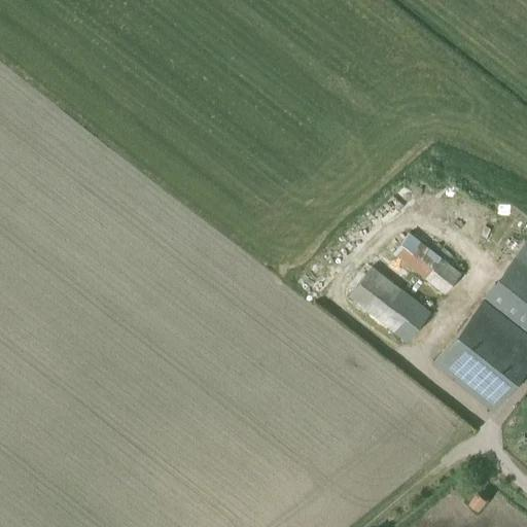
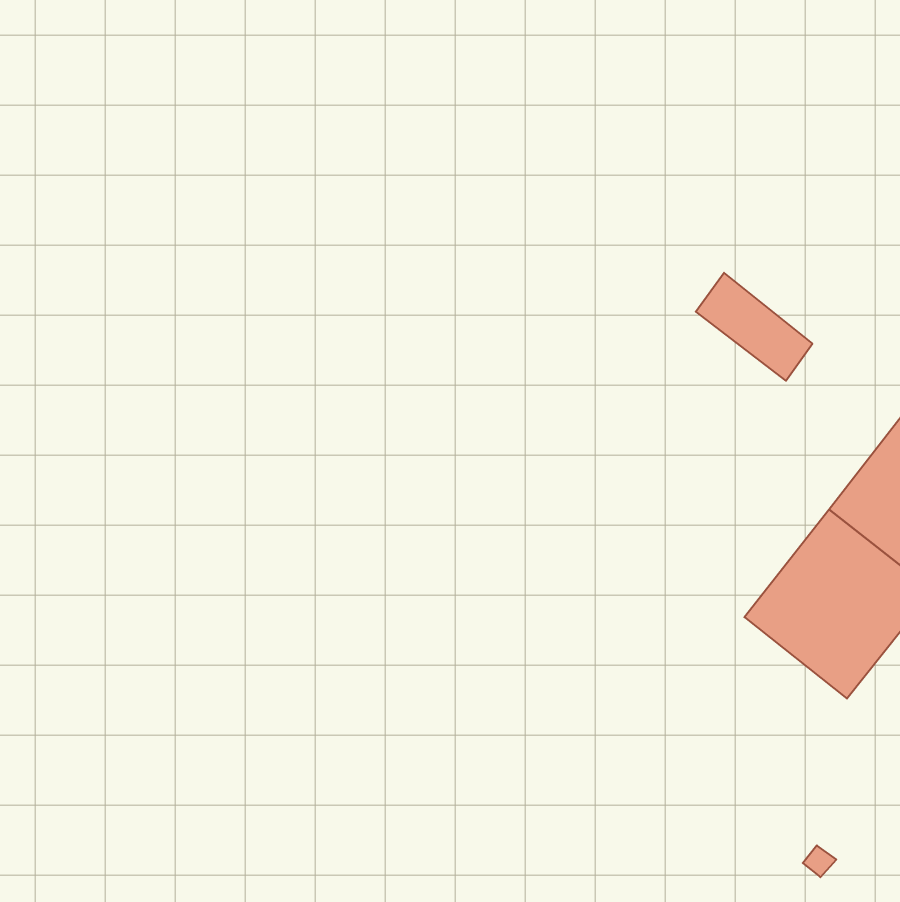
building: [394,233,462,295] -> [696,273,812,381]
building: [349,266,432,344] -> none

